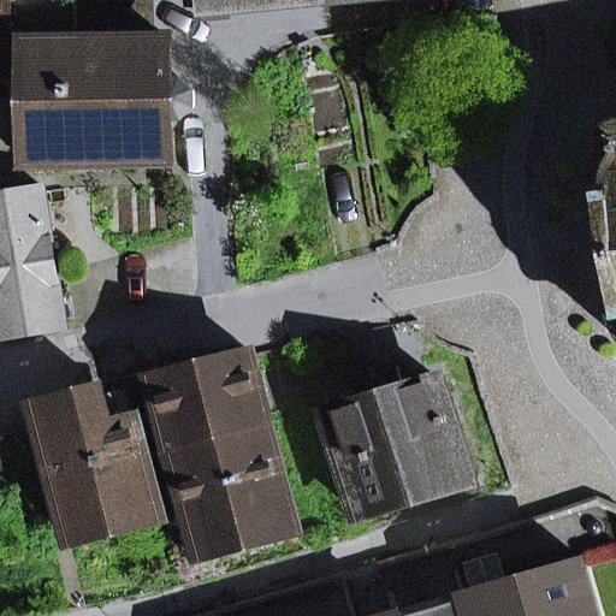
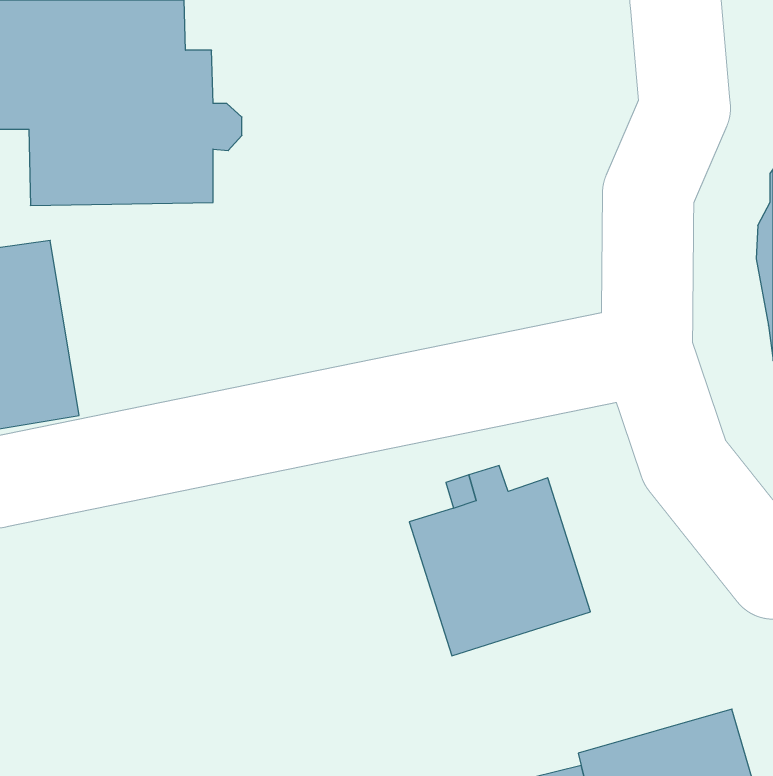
building: [148,356,297,561] -> none
building: [31,387,155,540] -> none

